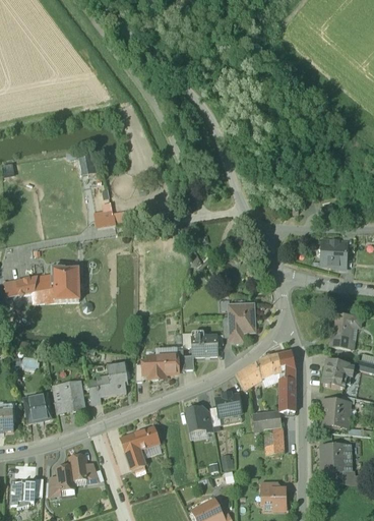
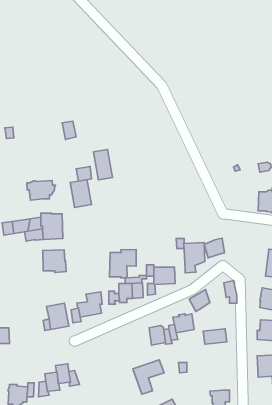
building: none -> [94,150,113,180]
building: none -> [70,180,92,207]
building: none -> [27,180,56,200]
building: none -> [110,249,136,278]
building: none -> [43,250,66,272]
building: [256,354,282,379] -> [204,238,225,258]
building: [279,380,295,411] -> none
building: [24,394,52,422] -> none
building: [121,426,160,469] -> [133,360,164,394]
building: [264,427,284,455] -> none

